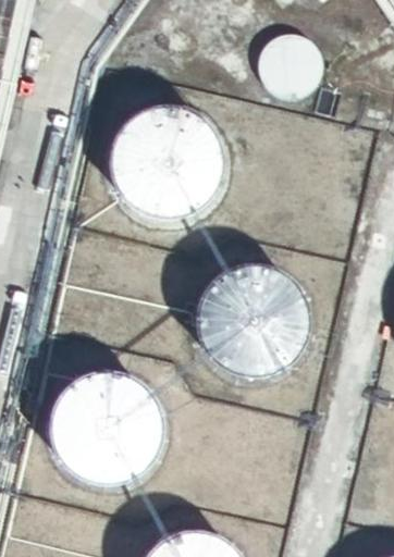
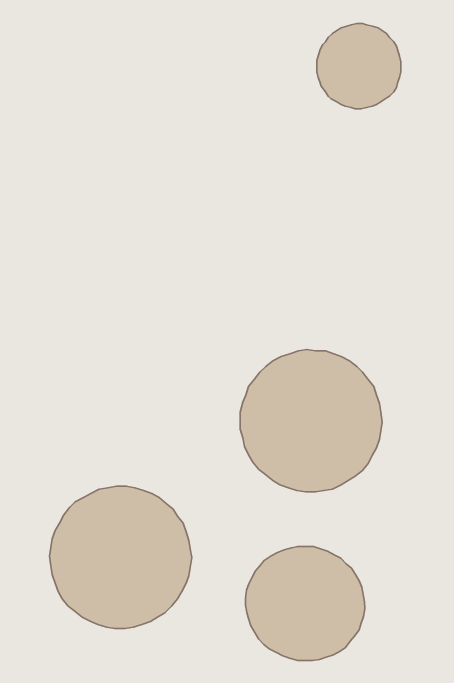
building: [114,109,223,218] -> none
building: none -> [245,546,365,661]

